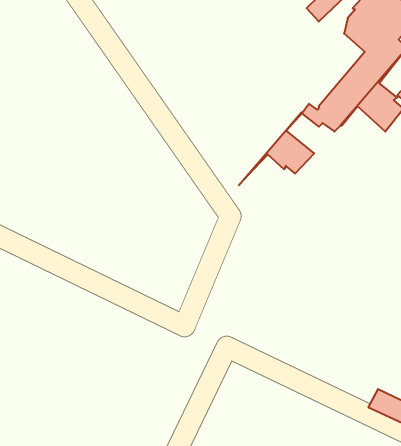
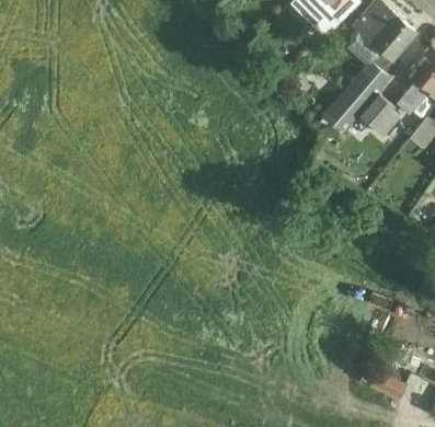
building: [239,112,314,185] -> none

